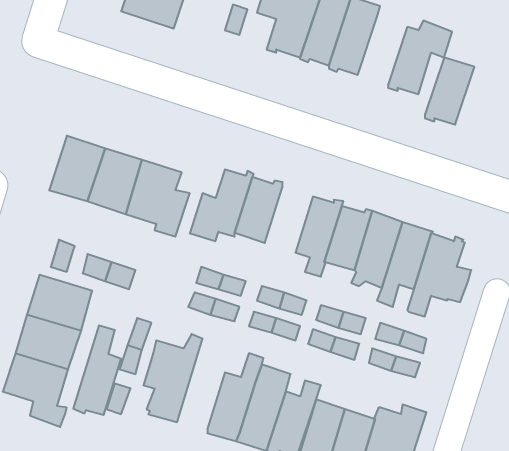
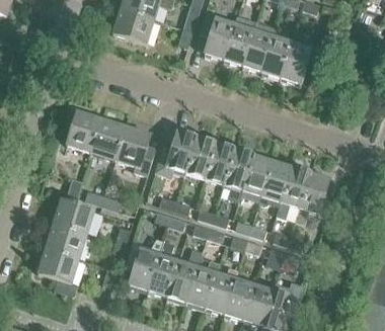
building: [425,57,474,125] -> [262,35,294,78]
building: none -> [204,143,235,184]
building: [73,325,121,415] -> [148,239,178,296]

